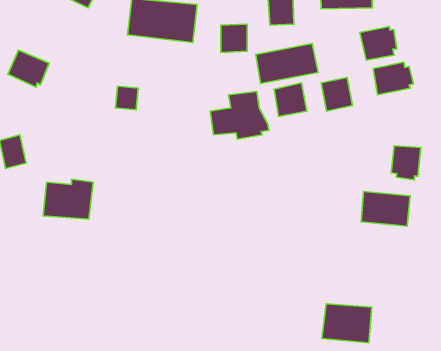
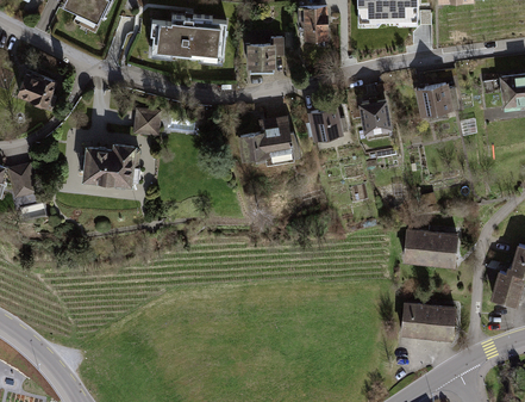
building: [360,27,397,60] -> none
building: [256,44,318,83] -> none
building: [391,146,421,180] -> none
building: [43,179,93,219] -> [81,144,136,188]
building: [322,304,372,343] -> [400,299,455,342]

